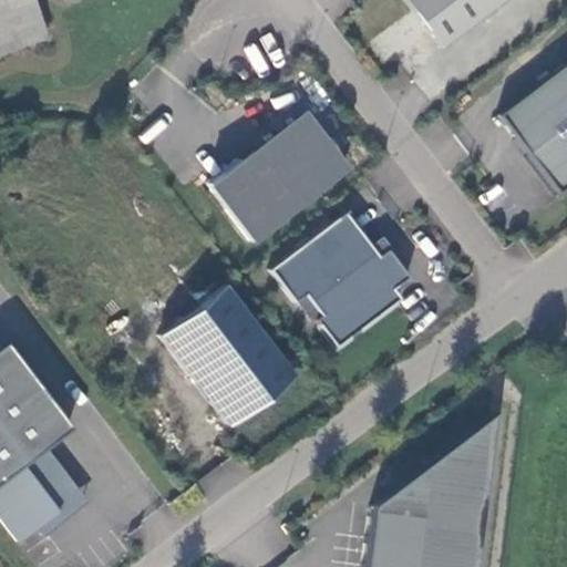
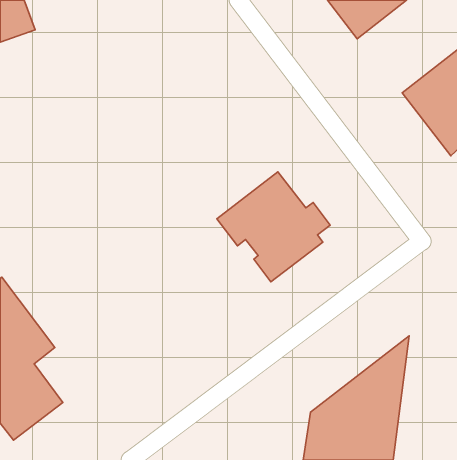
building: [208,121,346,240] -> none
building: [161,285,296,425] -> none

